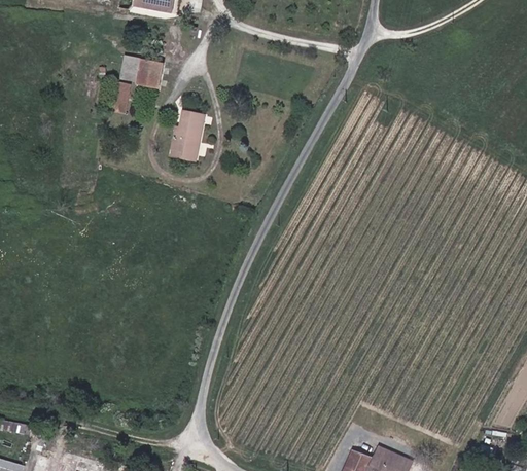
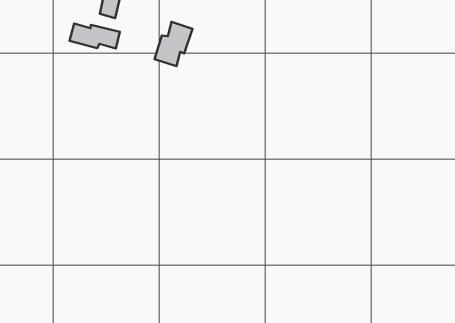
building: none -> [70,23,120,48]

